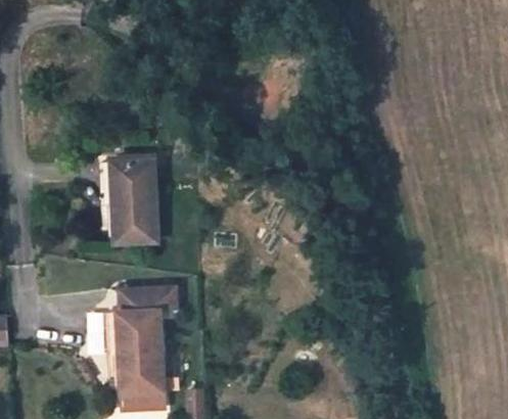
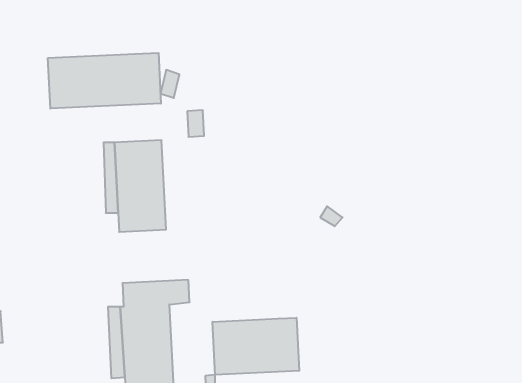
building: none -> [48,53,161,109]
building: none -> [213,318,299,375]

